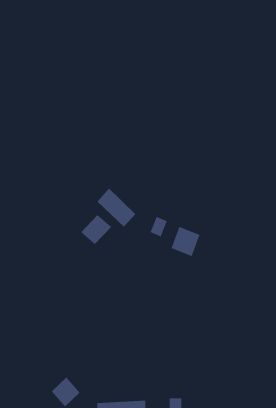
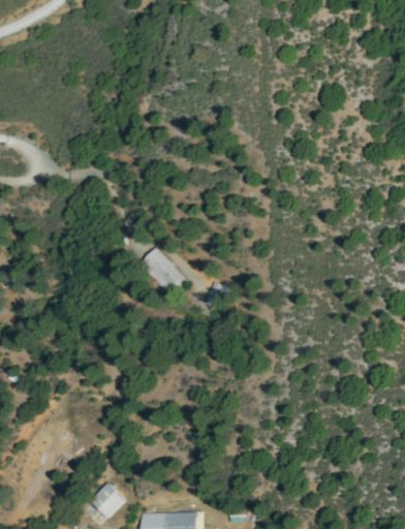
building: [81,214,112,245] -> none
building: [170,226,200,257] -> none

